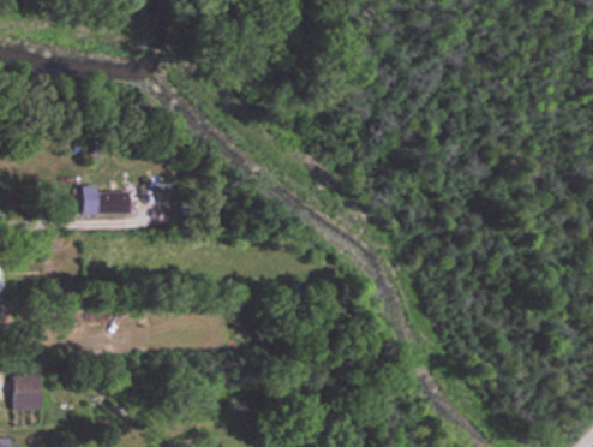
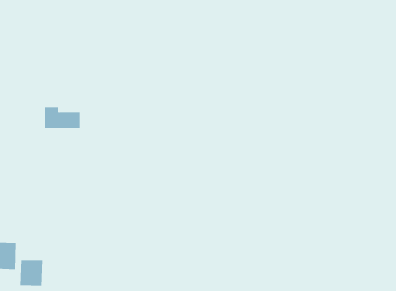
building: none -> [20,259,43,286]

